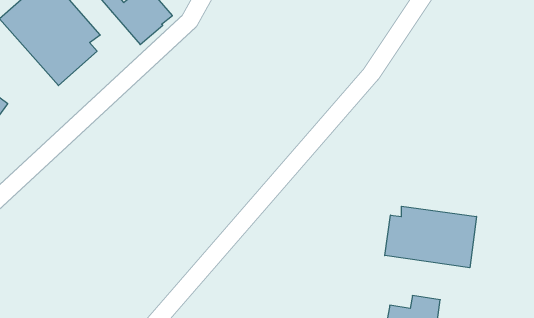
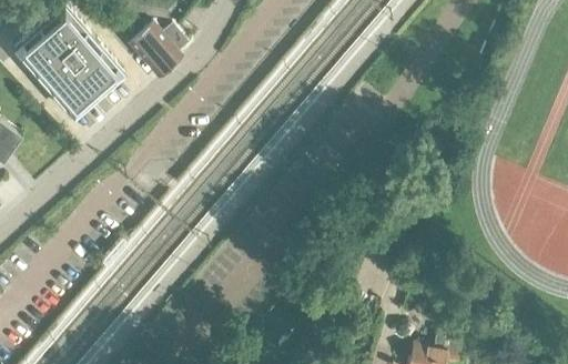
building: [385,206,476,268] -> none

